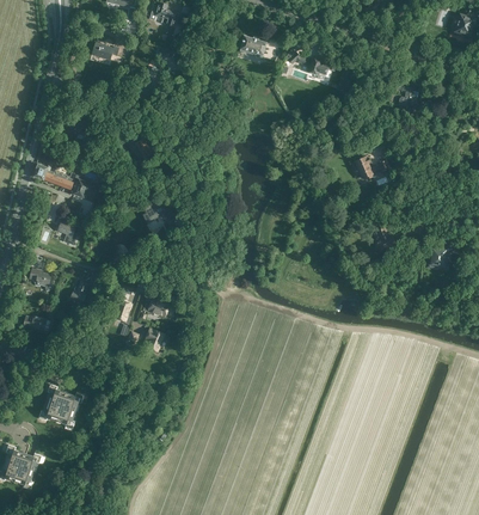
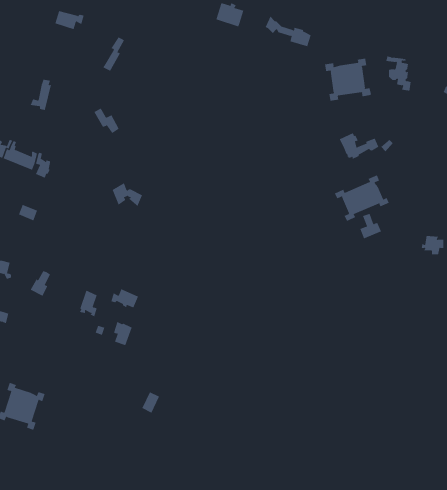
building: none -> [325,58,371,102]
building: none -> [334,175,389,222]

